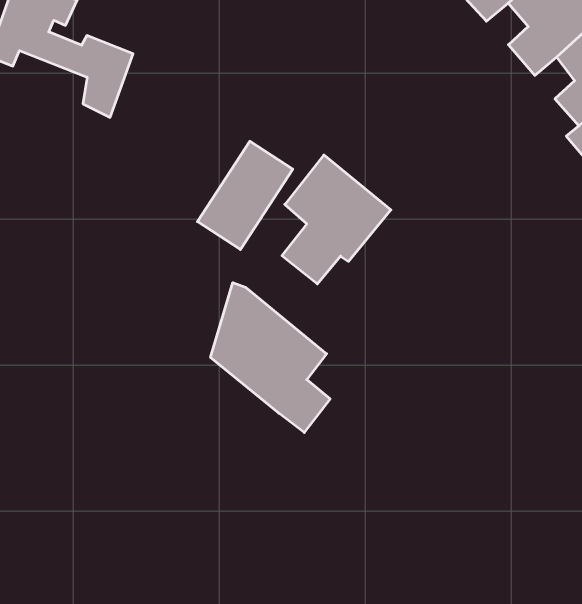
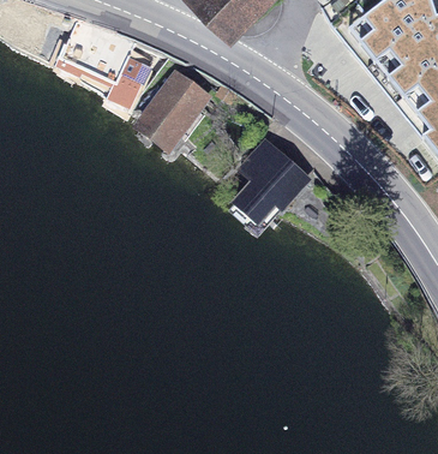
building: [197,141,293,250] -> [142,77,204,145]
building: [211,283,330,433] -> none

